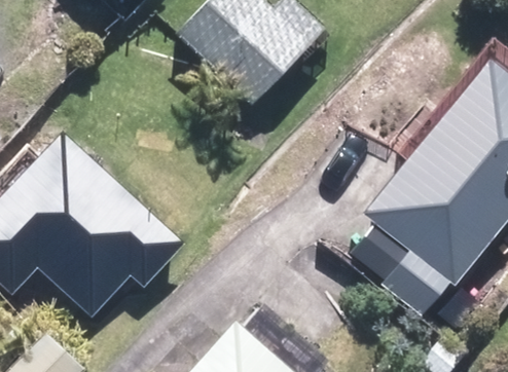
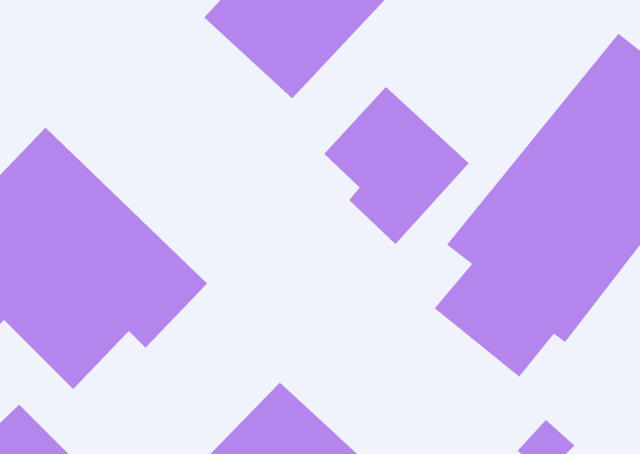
building: none -> [323,86,469,245]

